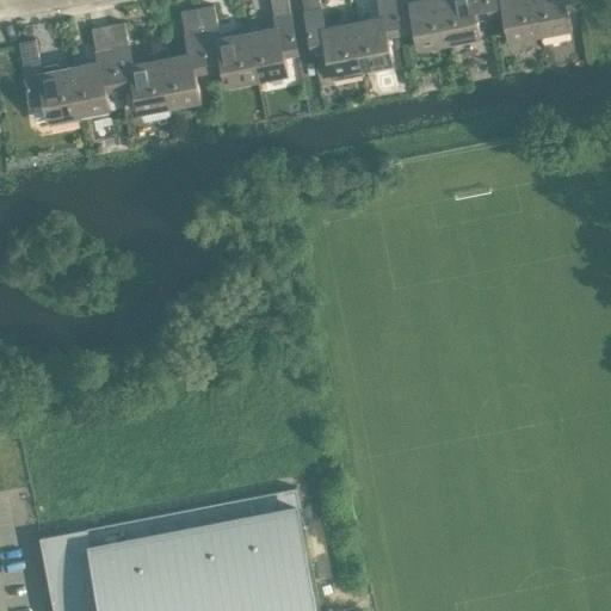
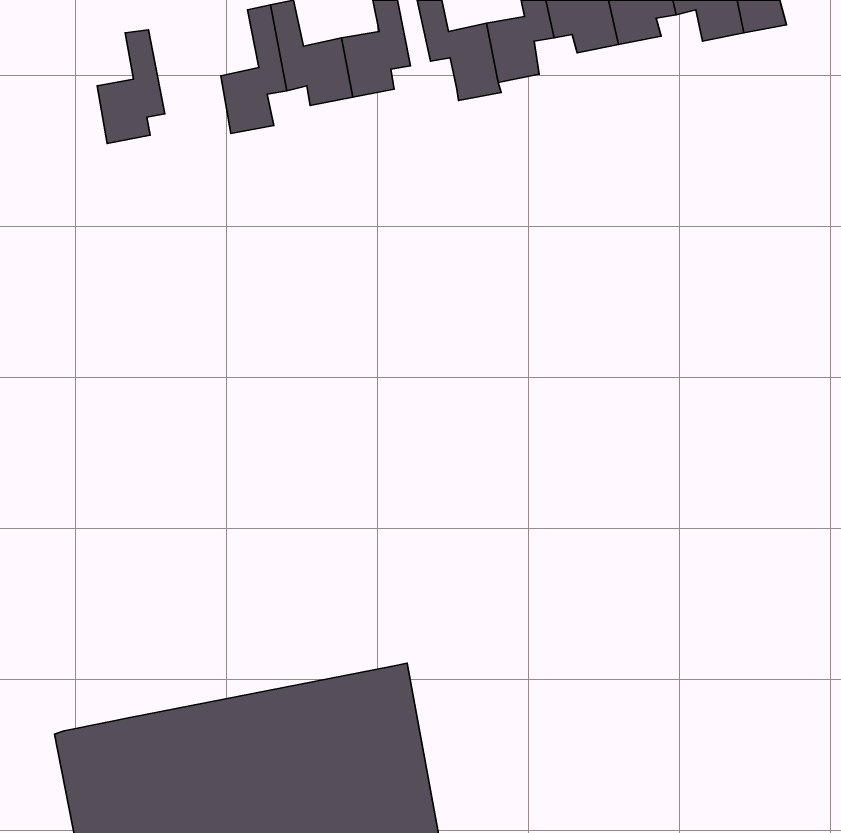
building: [107,25,167,109] -> none
building: [18,42,80,126] -> none

